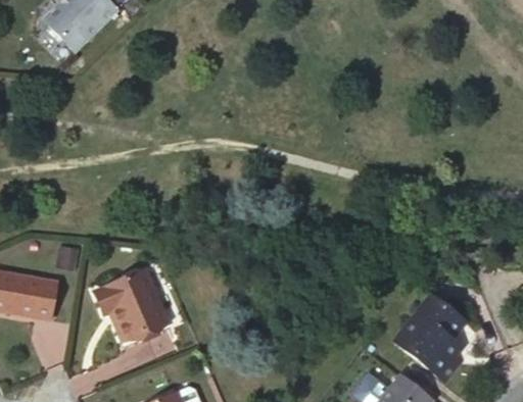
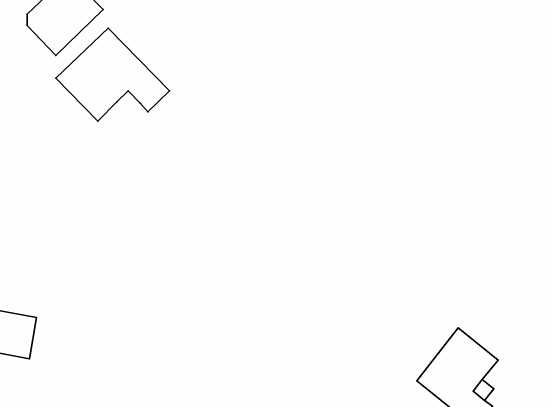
building: none -> [56,28,169,121]
building: [98,271,167,341] -> none

